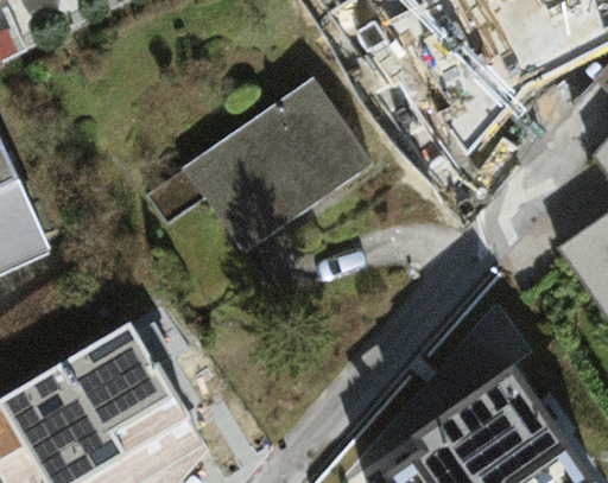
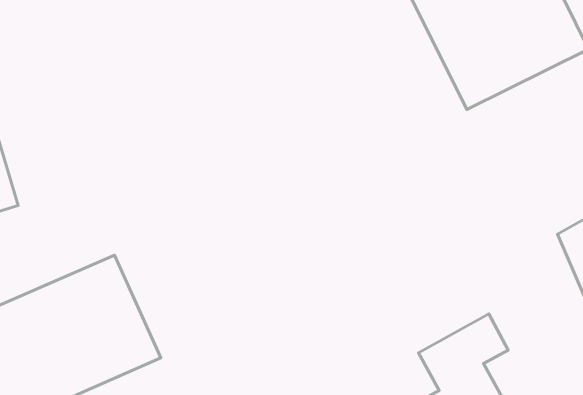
building: [147,87,372,248] -> none

